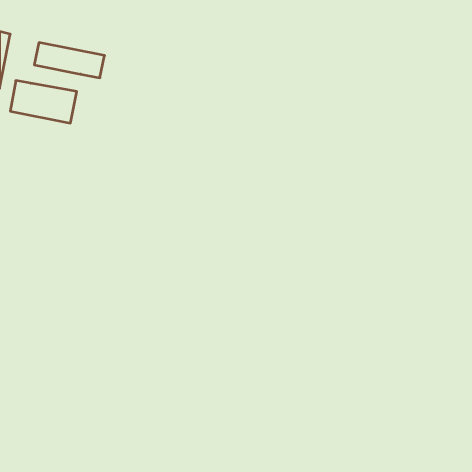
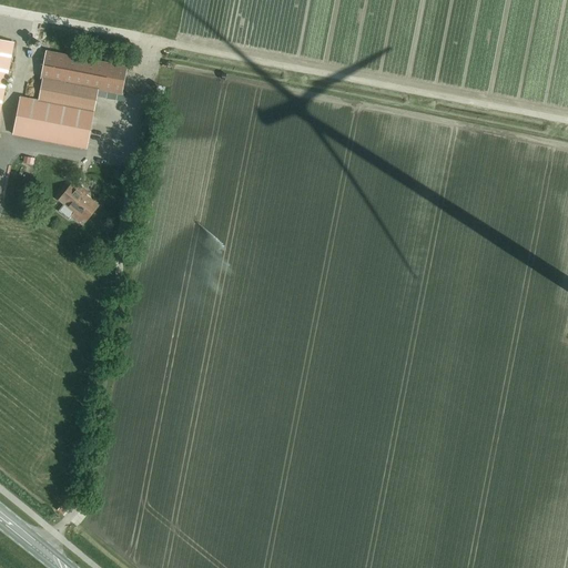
building: none -> [37,78,97,110]
building: none -> [58,183,95,222]

